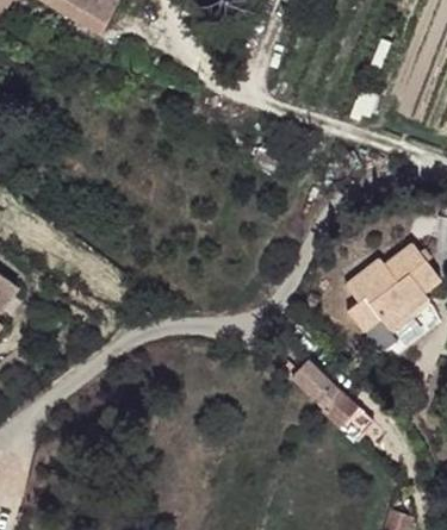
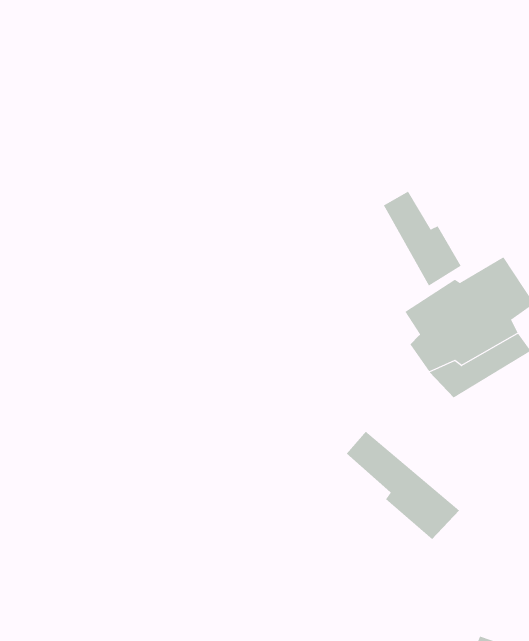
building: none -> [383,191,461,286]

